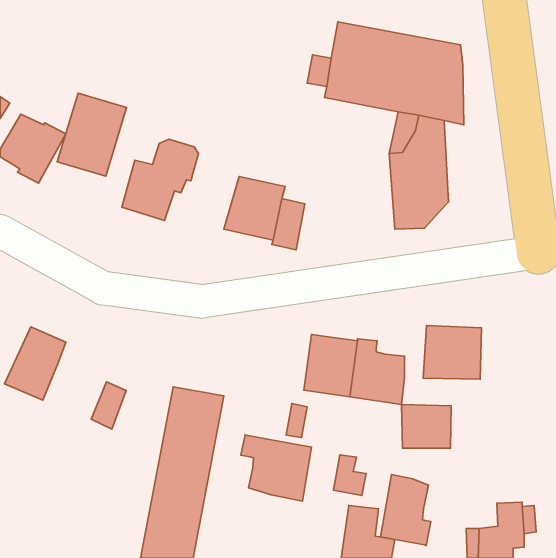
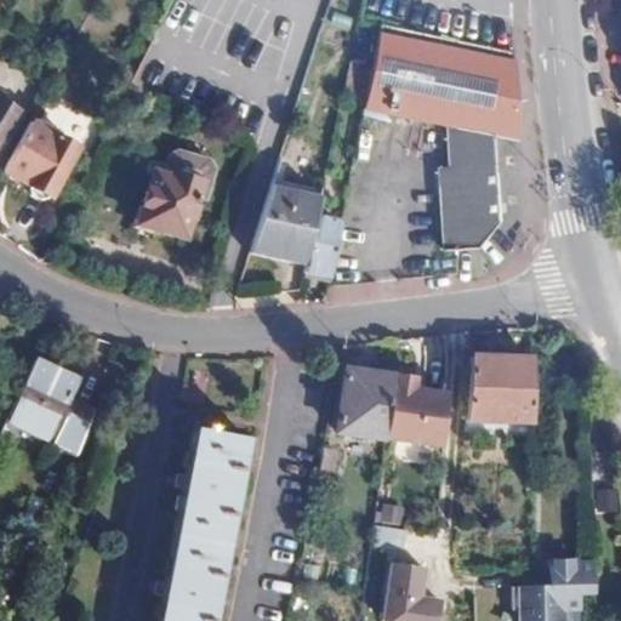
building: [57,93,127,176] -> none
building: [91,382,126,429] -> [52,401,91,454]
building: [401,405,451,448] -> none
building: [241,435,312,501] -> none
building: [381,474,431,545] -> none

